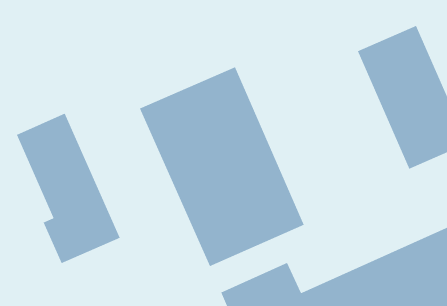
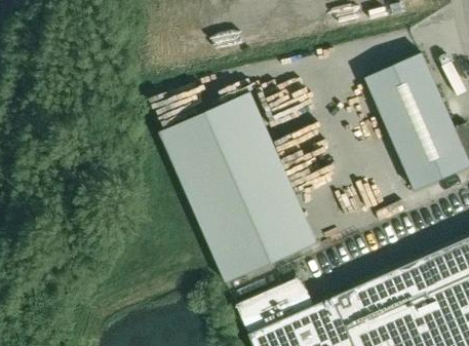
building: [16,113,121,264] -> none

